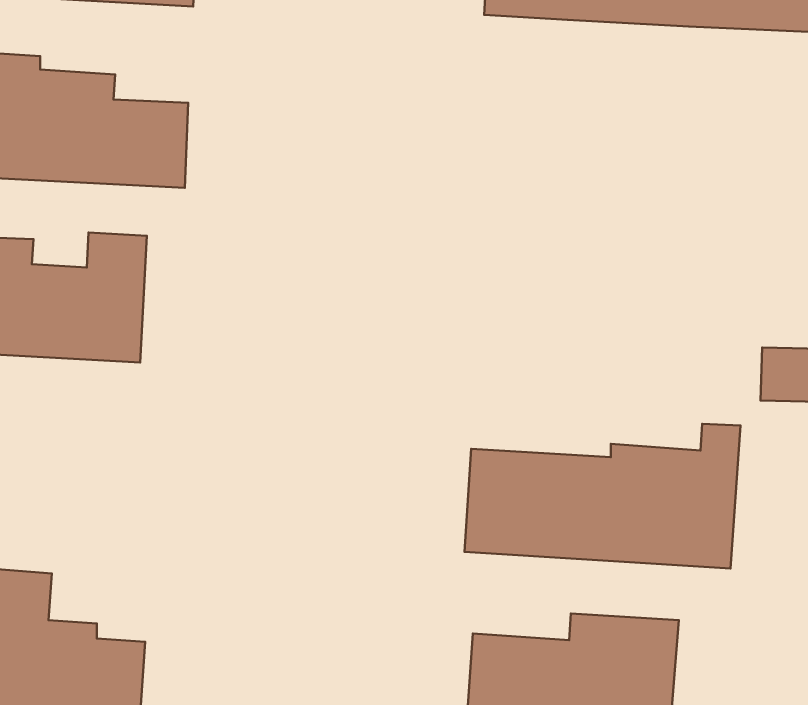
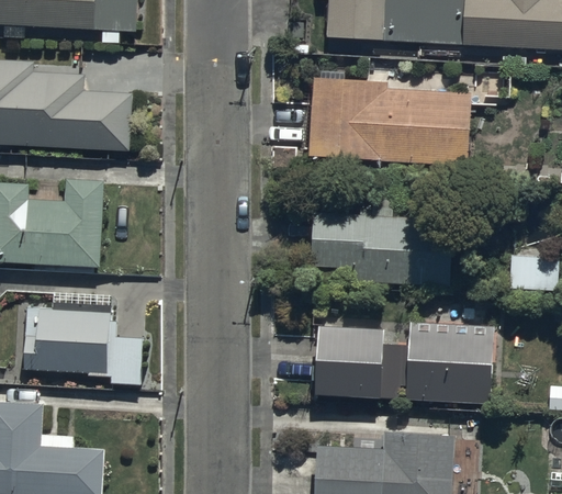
building: none -> [311,70,469,166]
building: none -> [308,197,451,287]
building: none -> [23,304,142,385]

